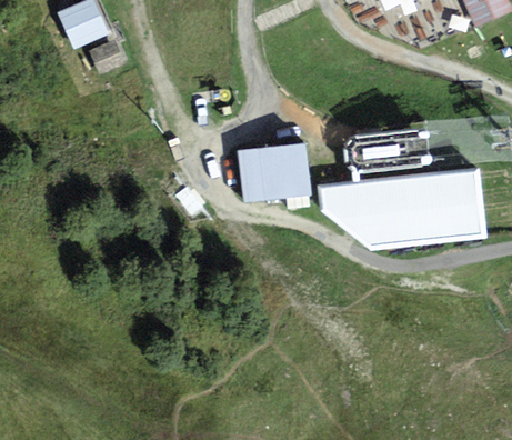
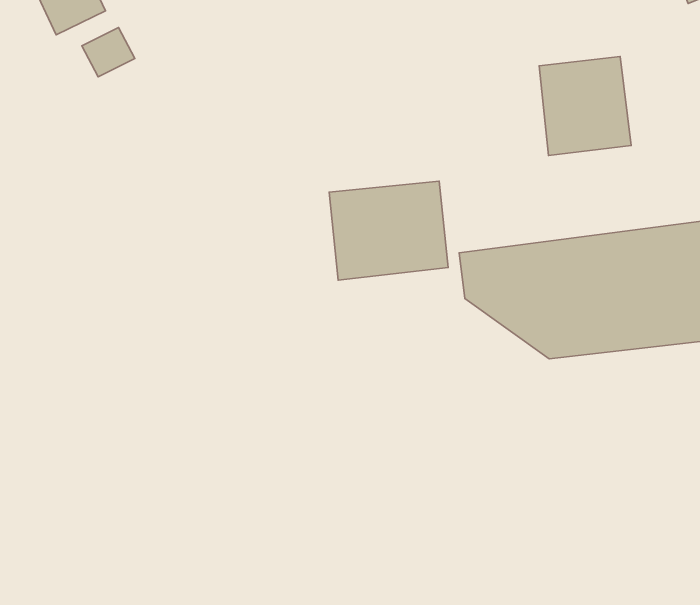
building: none -> [539,56,631,155]

